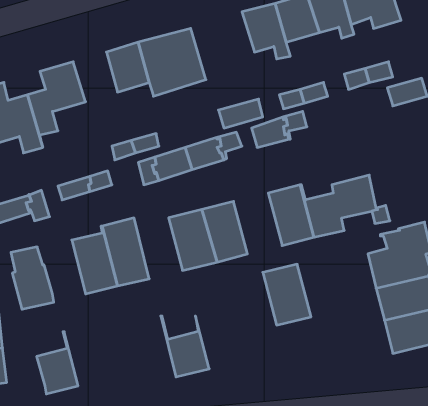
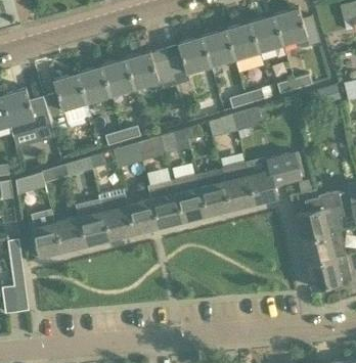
building: none -> [164,37,213,87]
building: none -> [77,66,109,103]
building: [263,264,311,325] -> [195,171,231,216]
building: [161,316,209,377] -> [122,189,158,234]
building: [37,332,78,394] -> [55,206,86,252]

